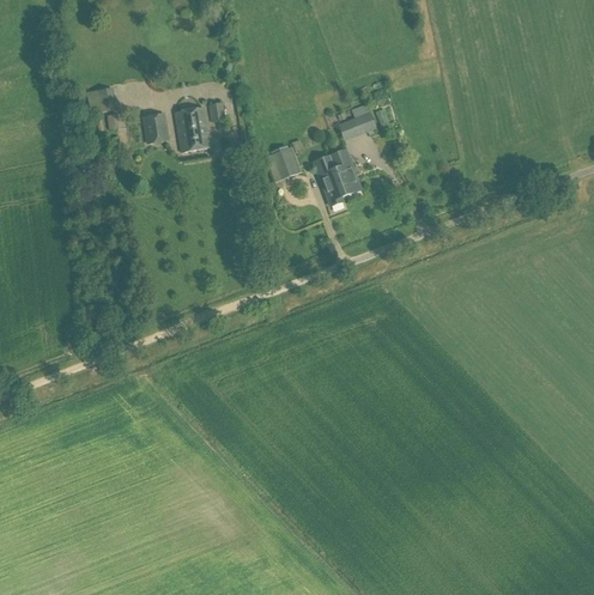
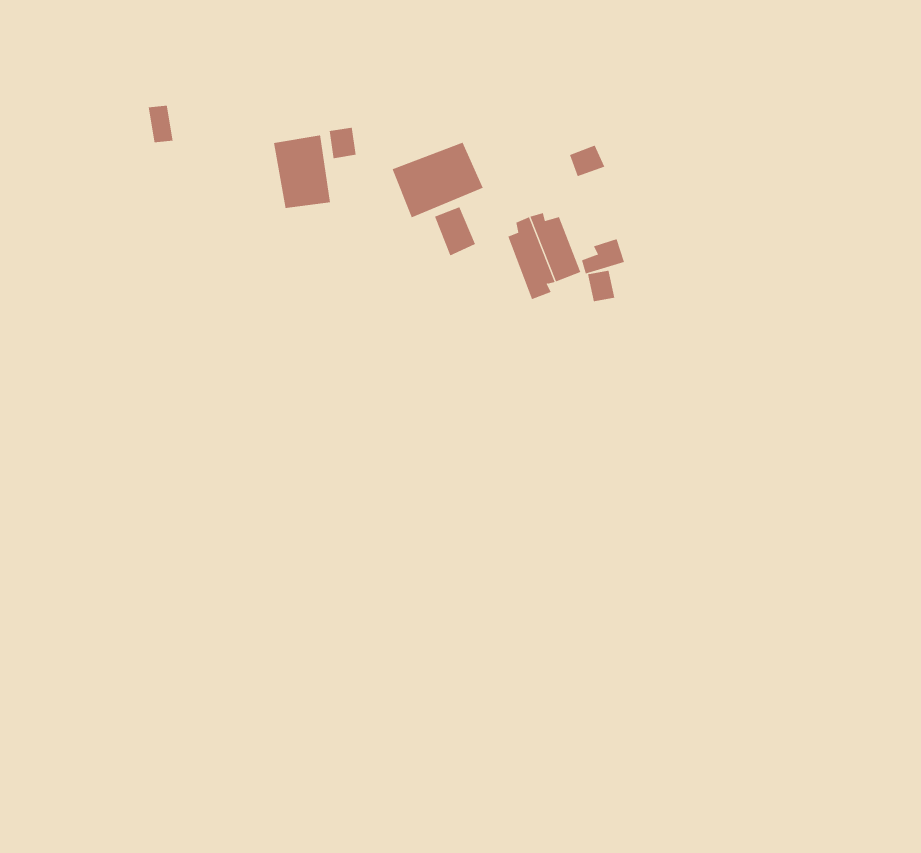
building: none -> [392,142,483,218]
building: [141,113,165,141] -> none

